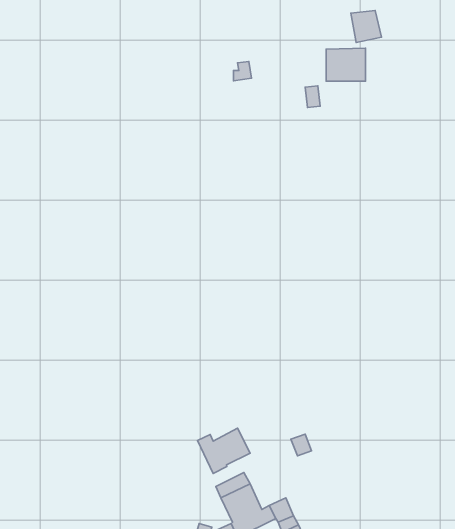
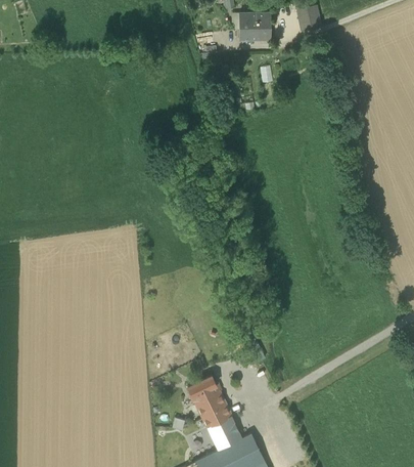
building: [326,48,366,81] -> [238,16,270,43]
building: [197,428,250,473] -> none

